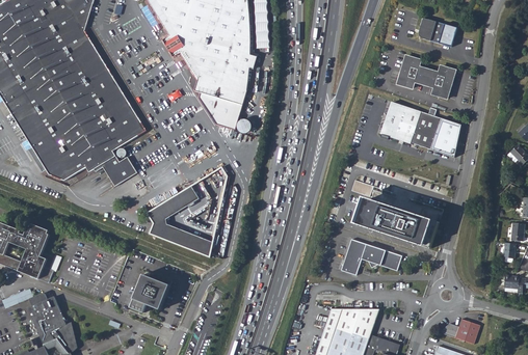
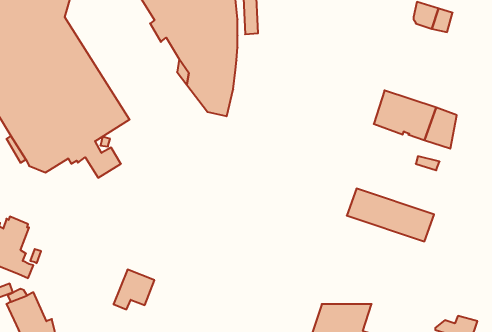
building: [396,56,453,99] -> none
building: [146,167,227,256] -> none
building: [341,239,401,275] -> none

